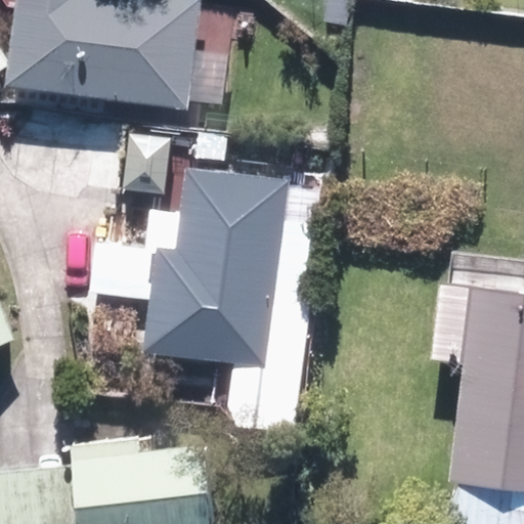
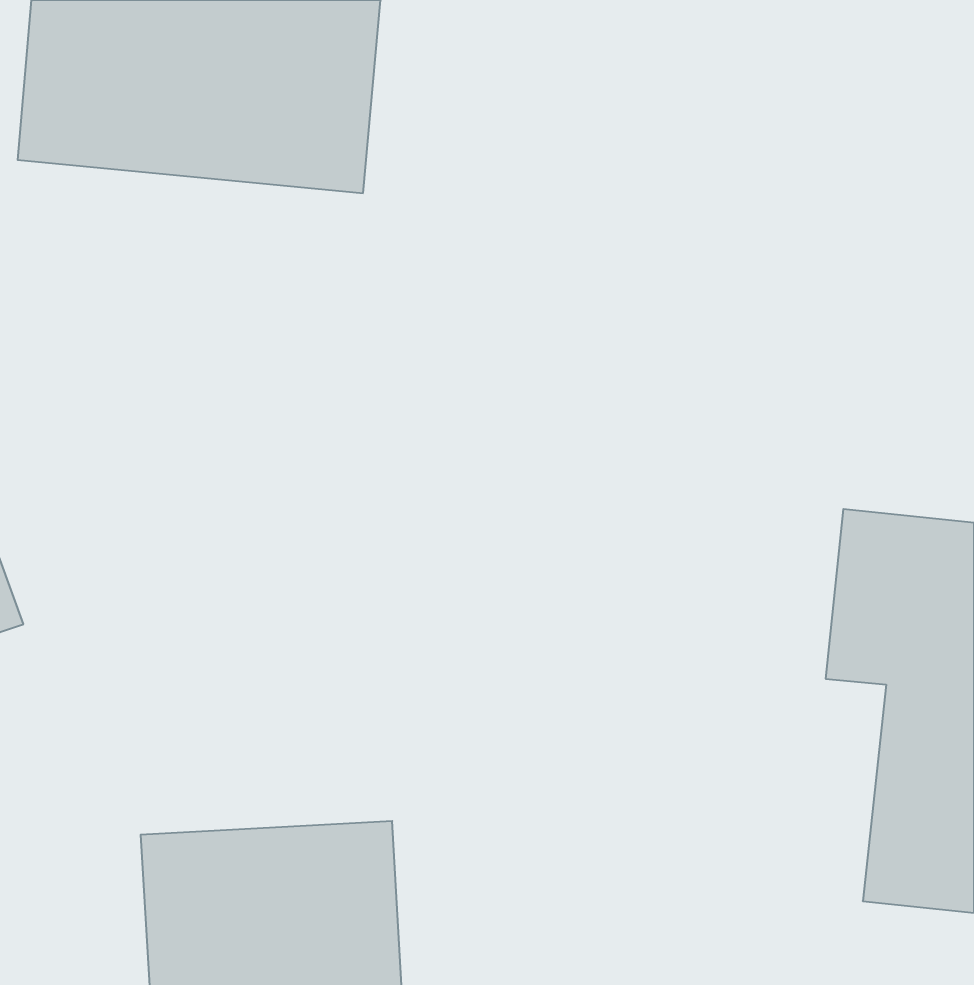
building: [147,167,283,359] -> none

